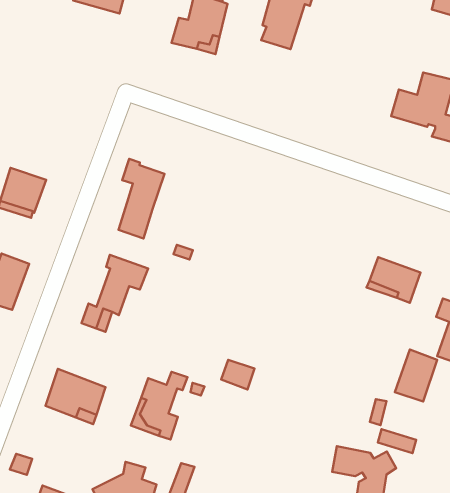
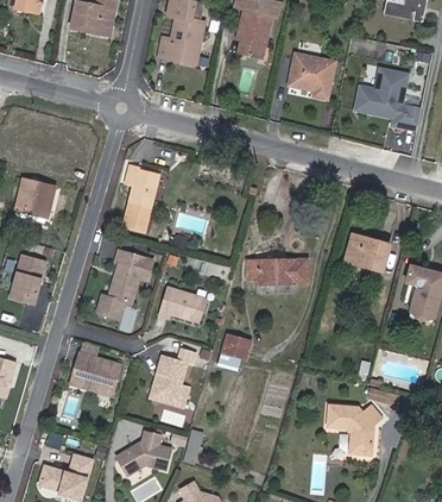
building: none -> [288,52,334,99]
building: none -> [246,258,308,283]
building: none -> [158,285,207,322]
building: [395,349,437,402] -> none

